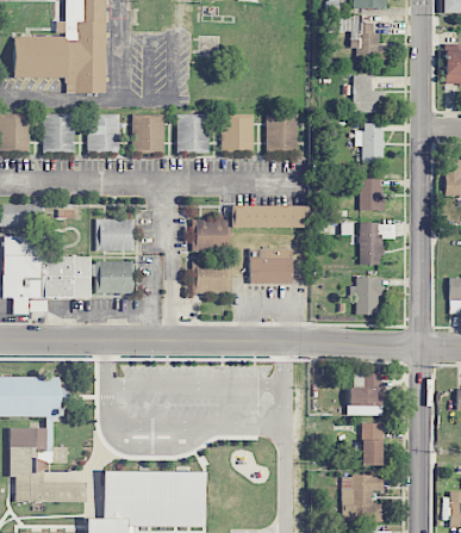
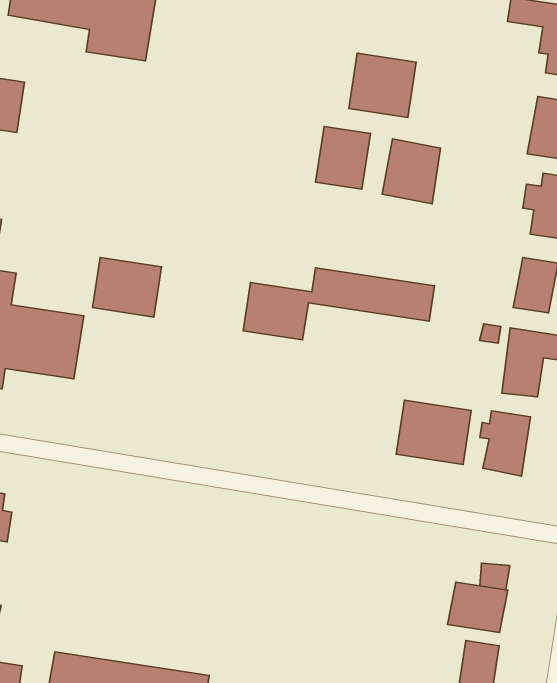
building: none -> [349,53,416,118]
building: [43,113,75,149] -> none
building: [176,114,208,151] -> none
building: [88,116,119,149] -> none
building: [135,116,163,149] -> none
building: [249,248,292,283] -> [396,400,471,464]
building: [95,261,135,292] -> none
building: [193,262,231,293] -> none

